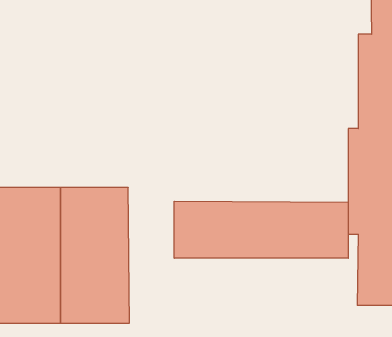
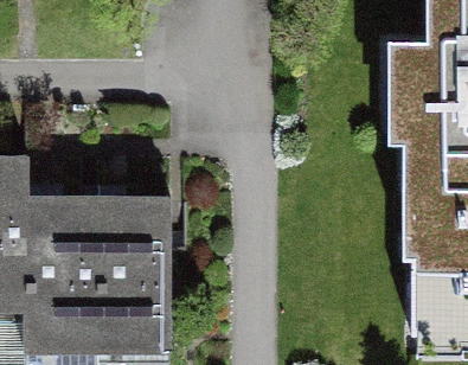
building: [174,201,348,258] -> none

